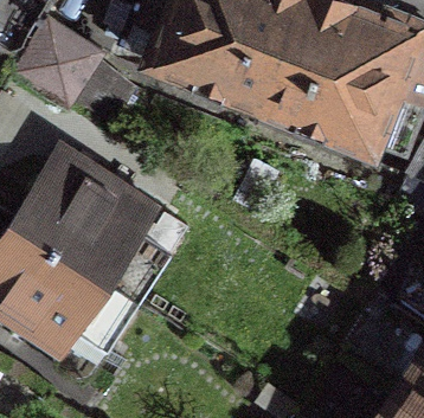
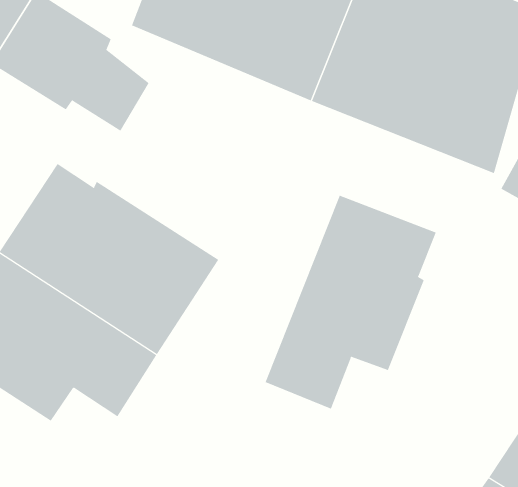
building: none -> [265,195,437,410]

